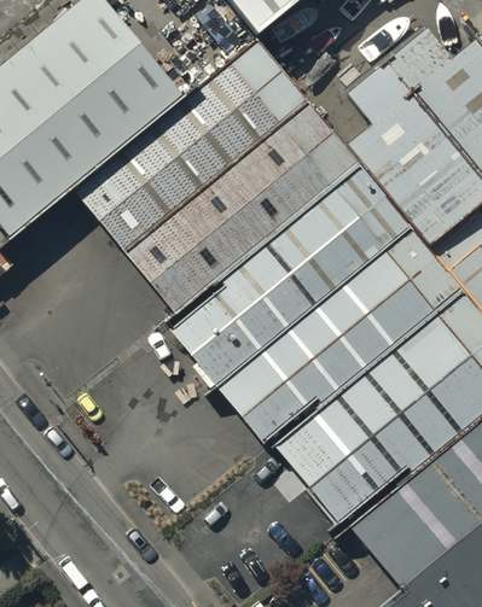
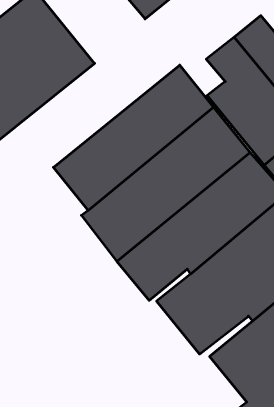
building: [74,40,308,250] -> none

